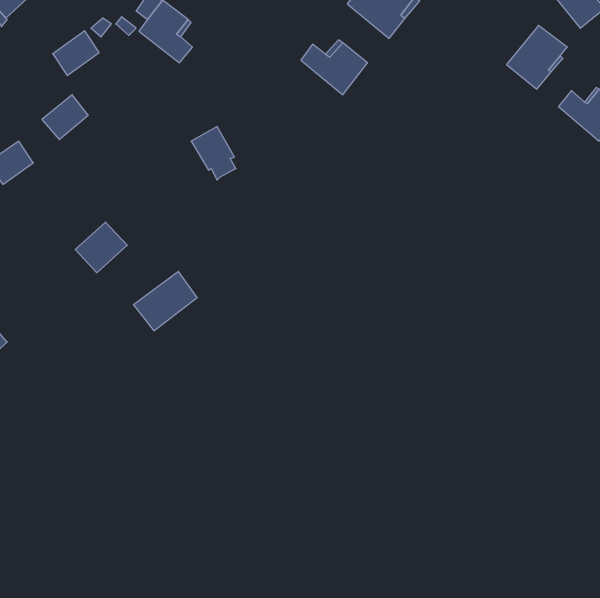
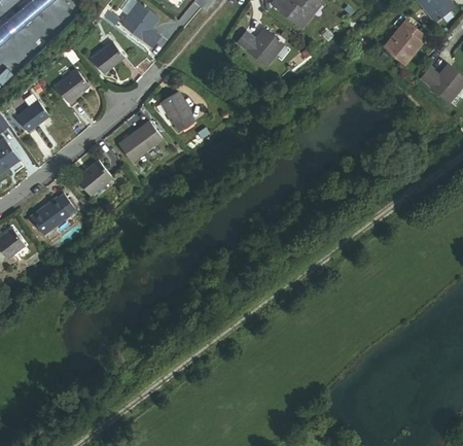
building: [53,31,99,76] -> [90,41,122,73]
building: [133,271,197,331] -> [118,118,164,161]
building: none -> [34,198,73,236]

